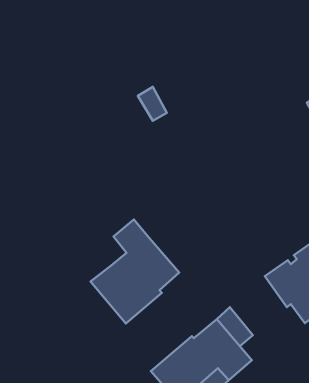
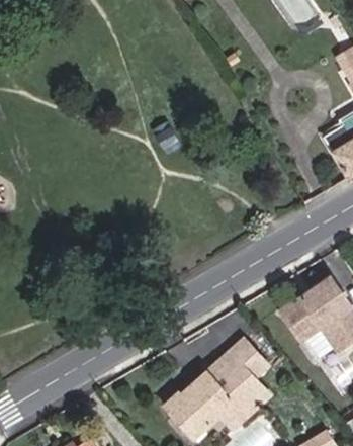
building: [91,220,179,324] -> none

